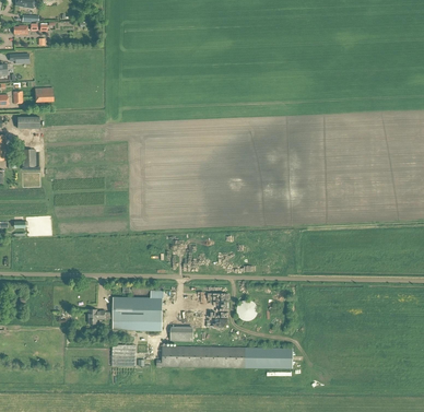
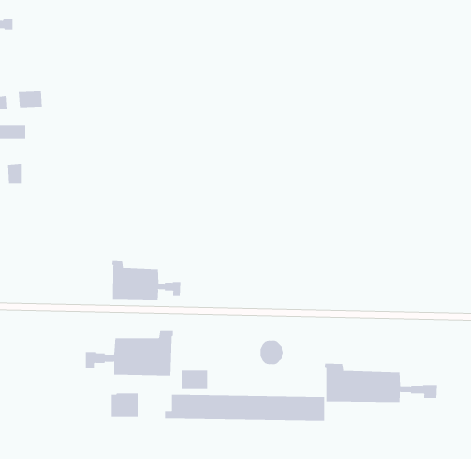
building: none -> [112,260,181,301]
building: none -> [324,363,437,403]

